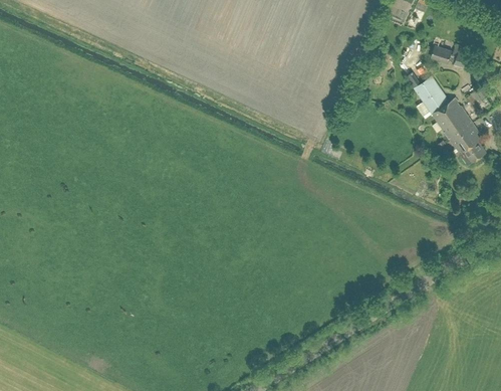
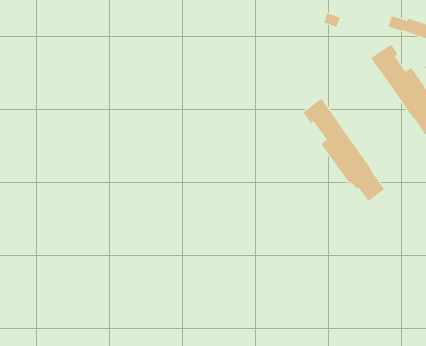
building: none -> [302,98,385,202]

